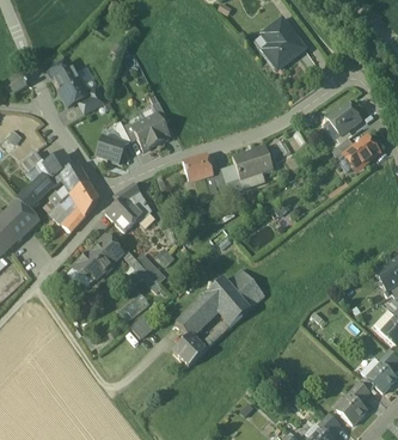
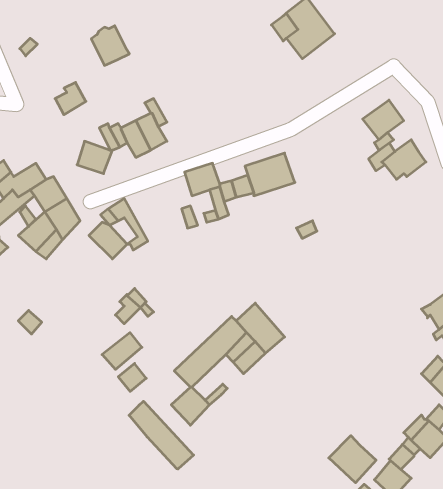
building: [57,73,88,105] -> [91,26,129,65]
building: [78,238,122,277] -> none
building: none -> [129,401,194,469]
building: none -> [329,436,376,483]

